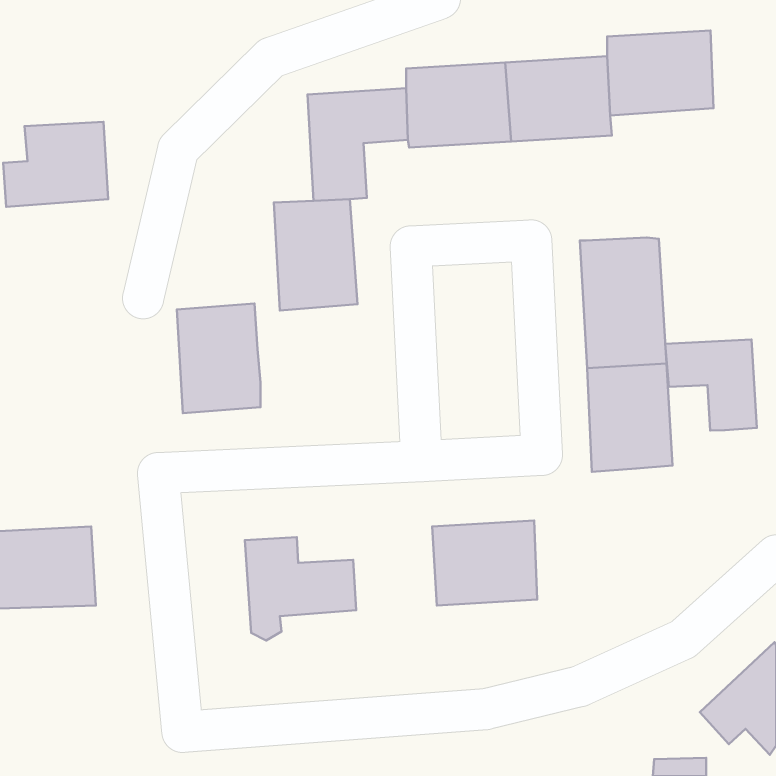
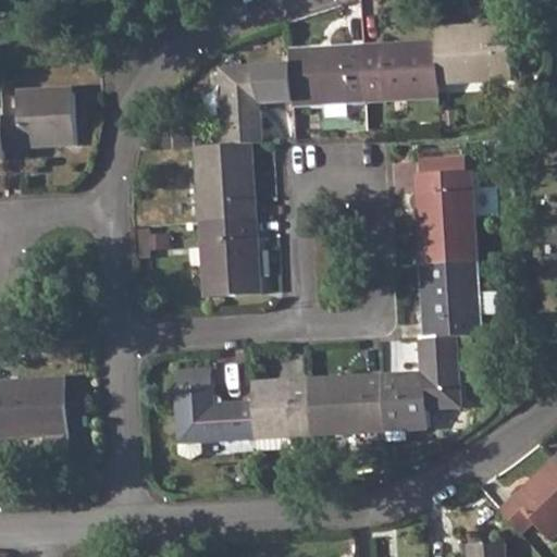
building: [177,304,261,413] -> [200,218,260,296]
building: [665,339,757,431] -> none
building: none -> [382,335,459,429]
building: none -> [251,376,312,436]

